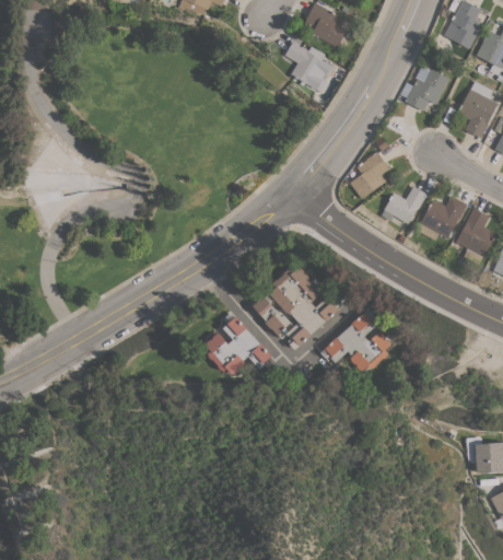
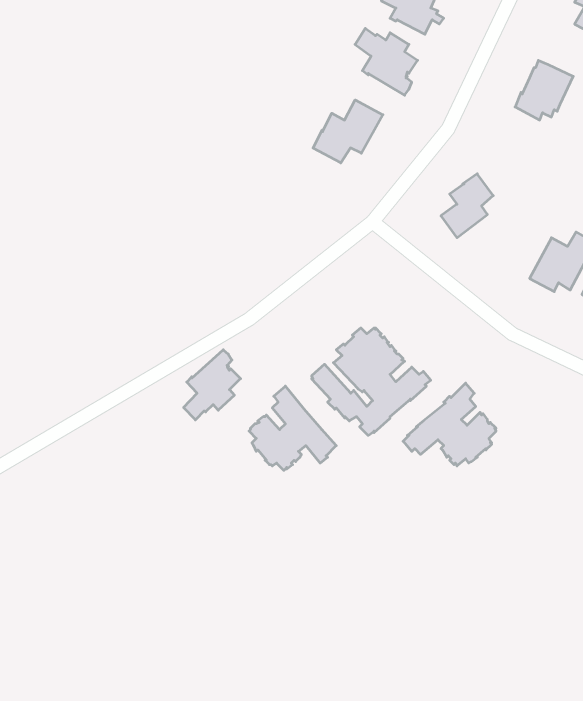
building: none -> [313,100,383,163]
building: [383,186,426,223] -> none
building: none -> [184,350,241,420]

